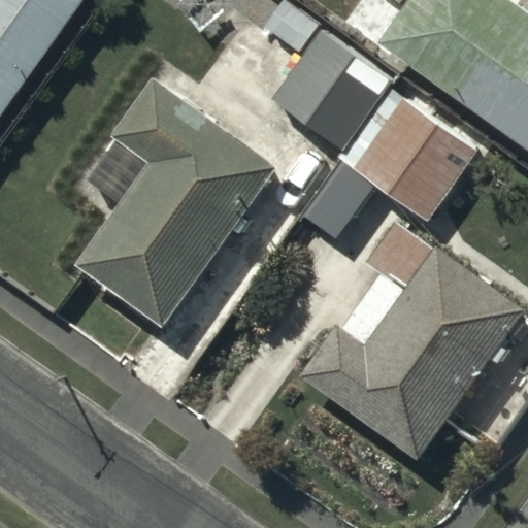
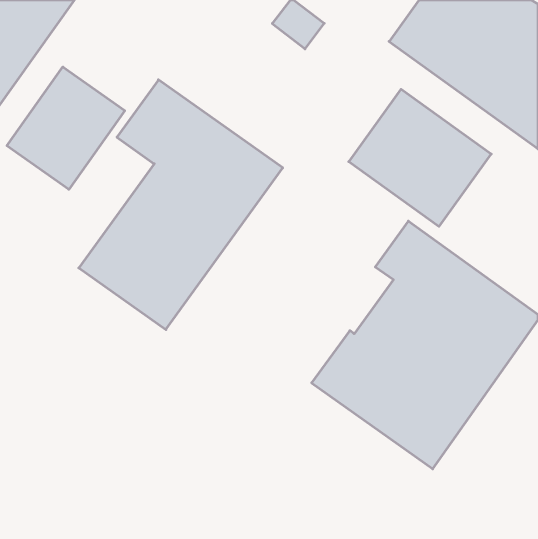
building: [272,33,389,148] -> none
building: none -> [7,67,125,189]

